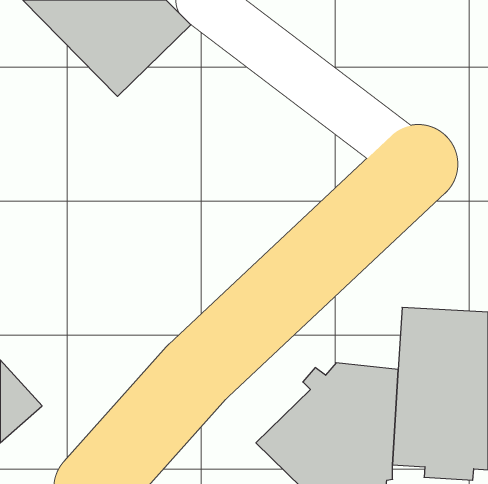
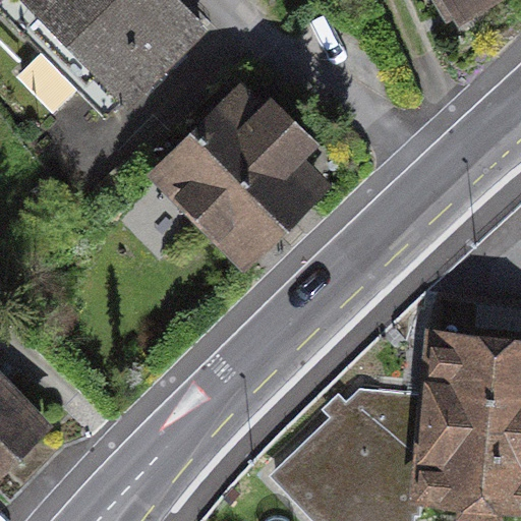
building: none -> [148,80,325,265]

